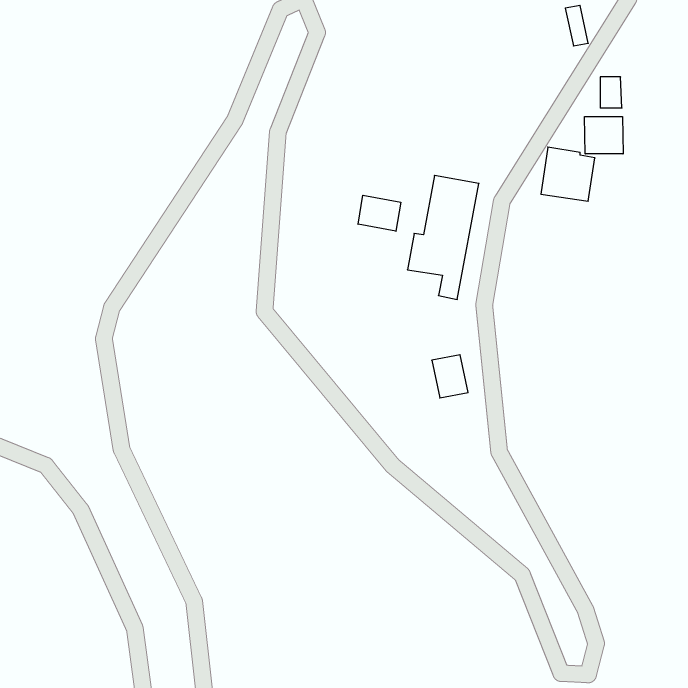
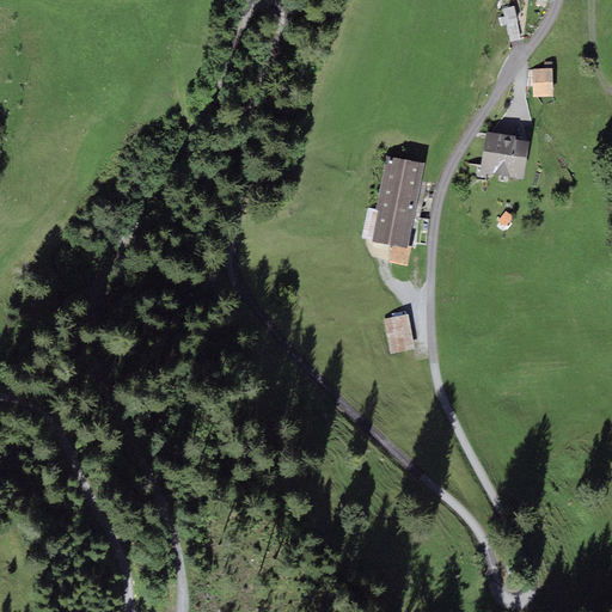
building: [585,117,623,154] -> none
building: [358,195,401,231] -> none

